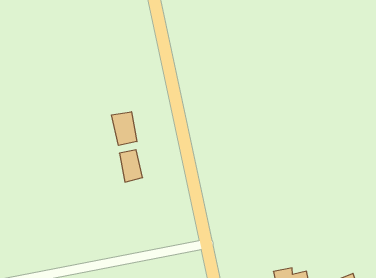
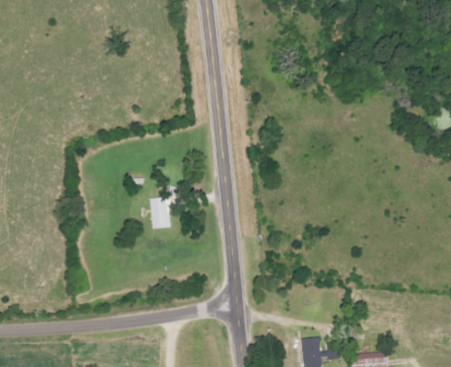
building: [112,112,137,145] -> none

